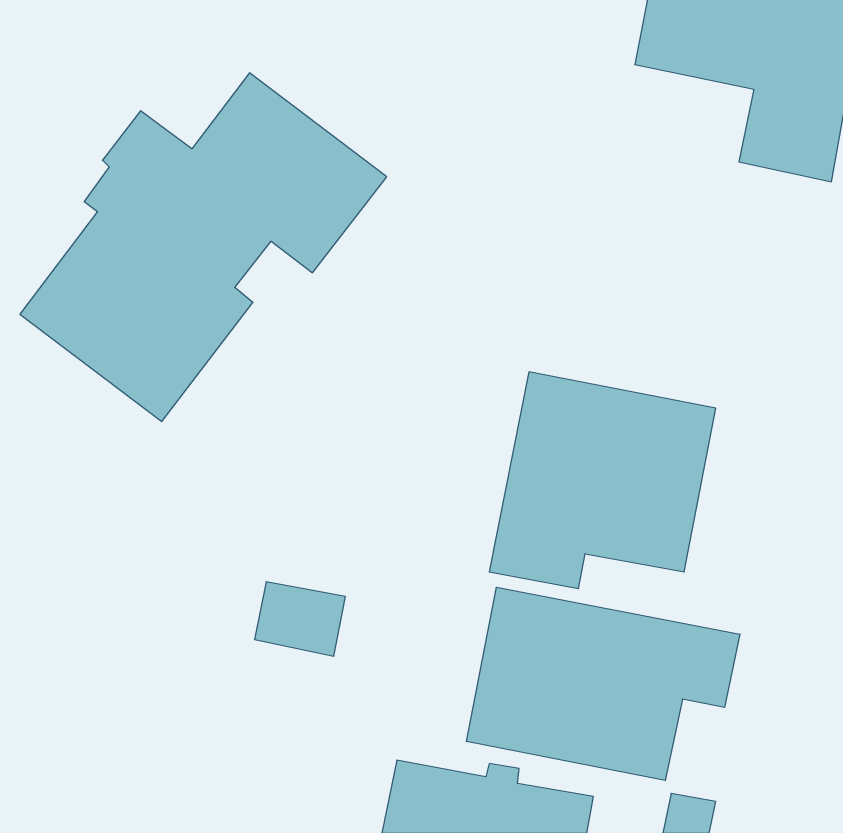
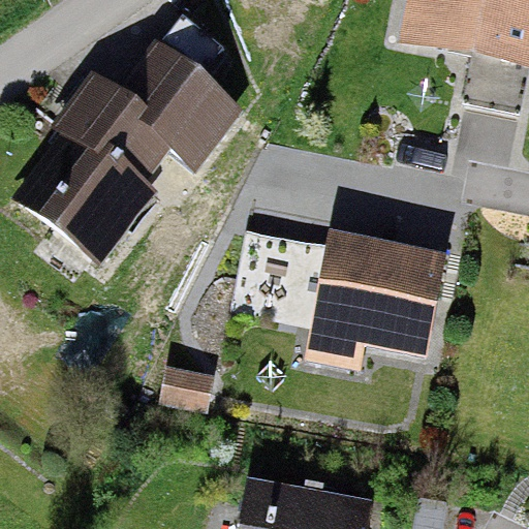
building: [466,587,740,781] -> none

